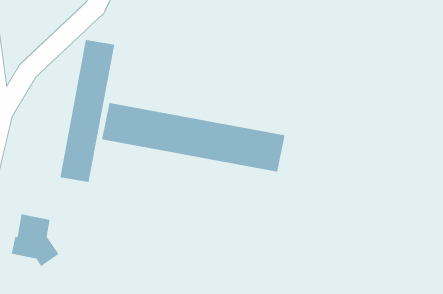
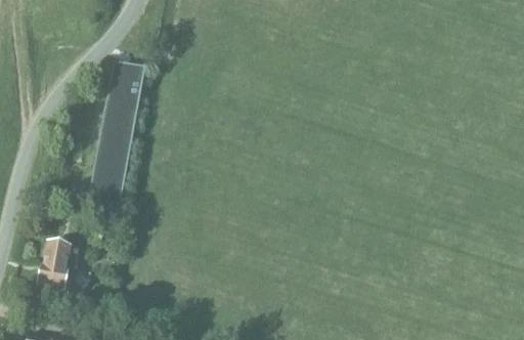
building: [101,102,285,172] -> none

